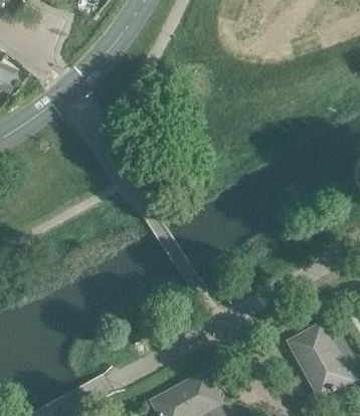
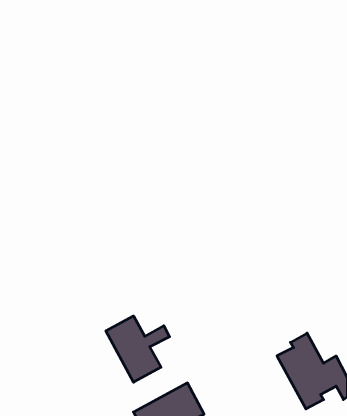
building: none -> [106,316,170,382]

